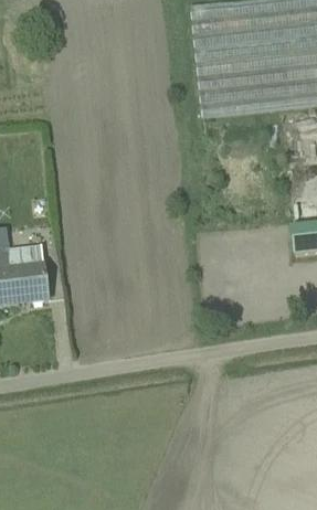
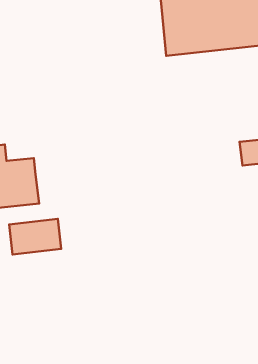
building: none -> [9,219,61,255]

